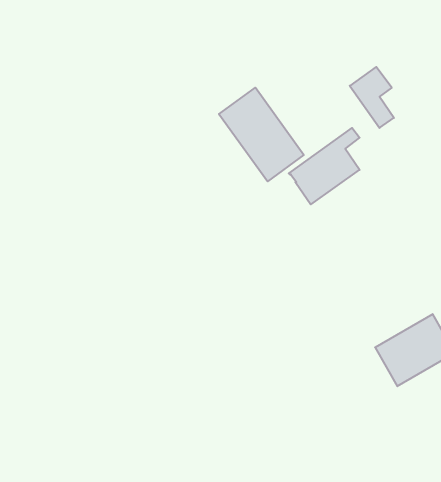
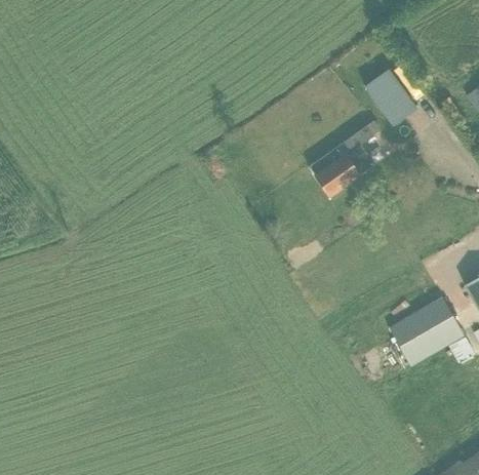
building: [219,88,304,181] -> none

